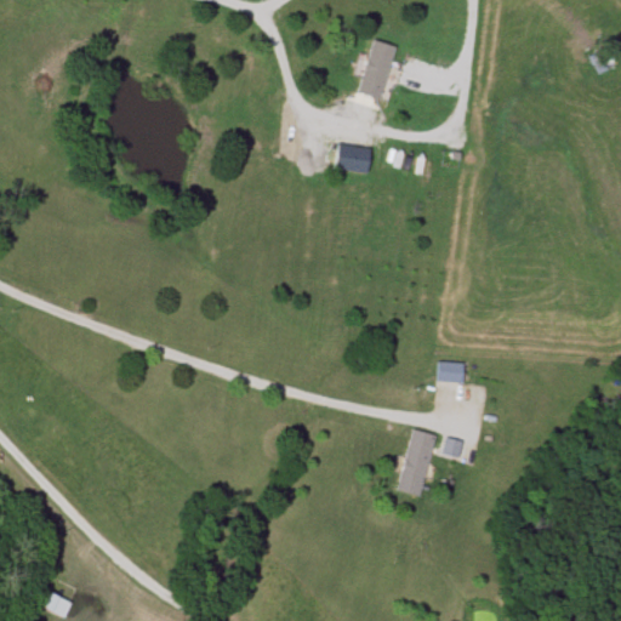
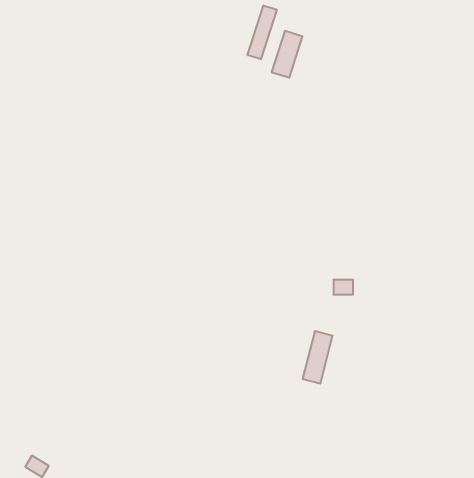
building: none -> [248,5,277,59]
building: [336,144,376,172] -> none

